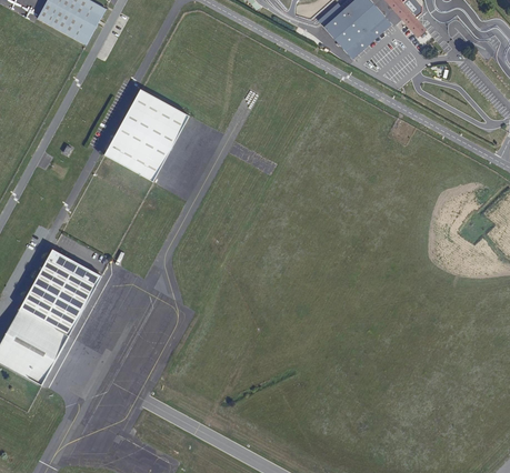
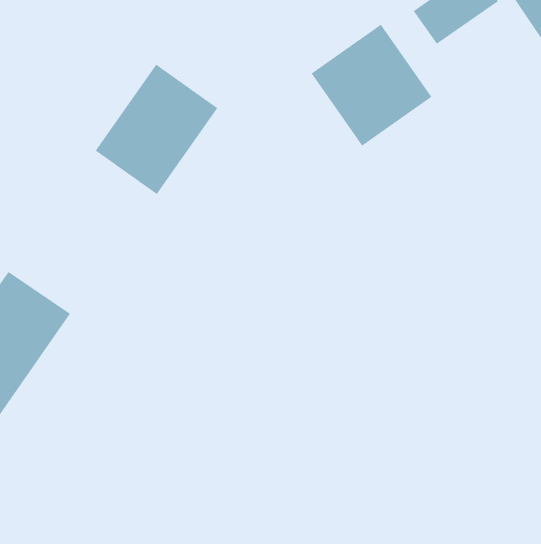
building: none -> [311,24,432,146]

